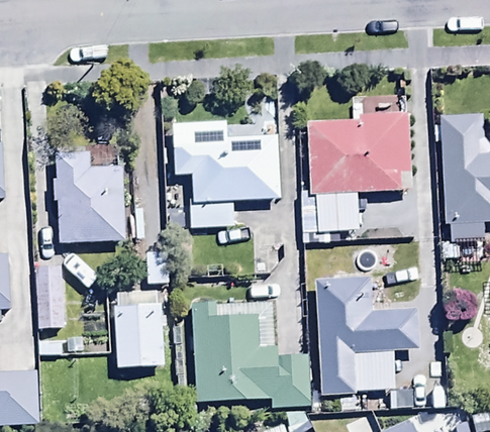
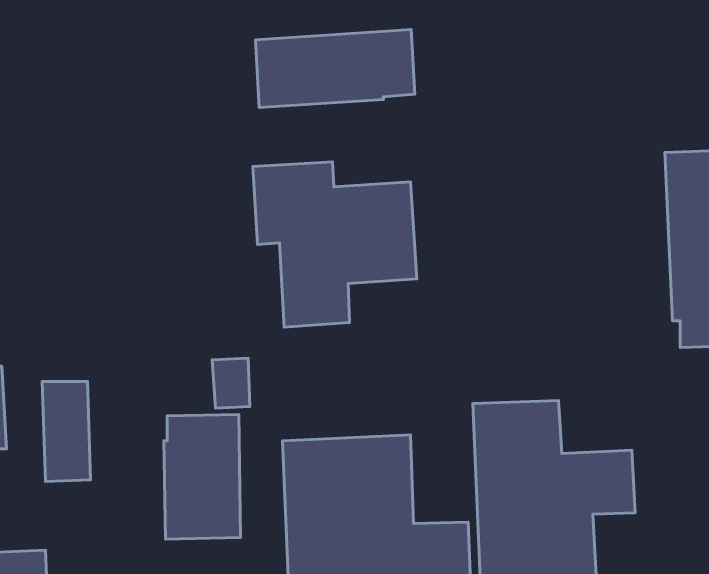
building: none -> [255,29,415,108]
building: [301,111,410,240] -> none
building: [53,152,126,242] -> none

